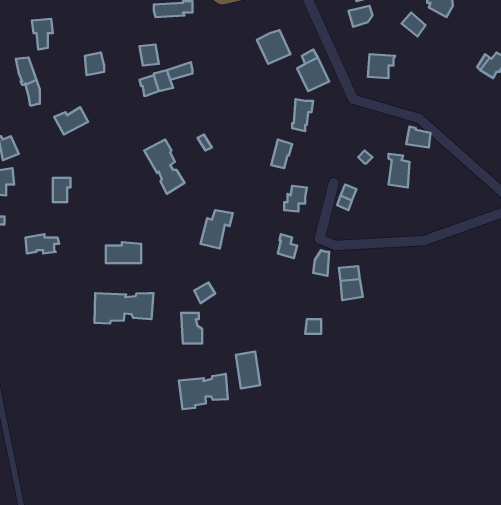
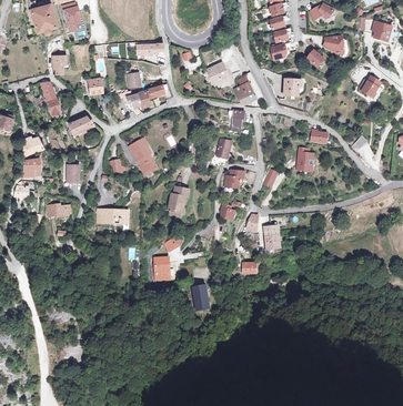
building: [95,293,154,324] -> none
building: [179,374,228,409] -> none

